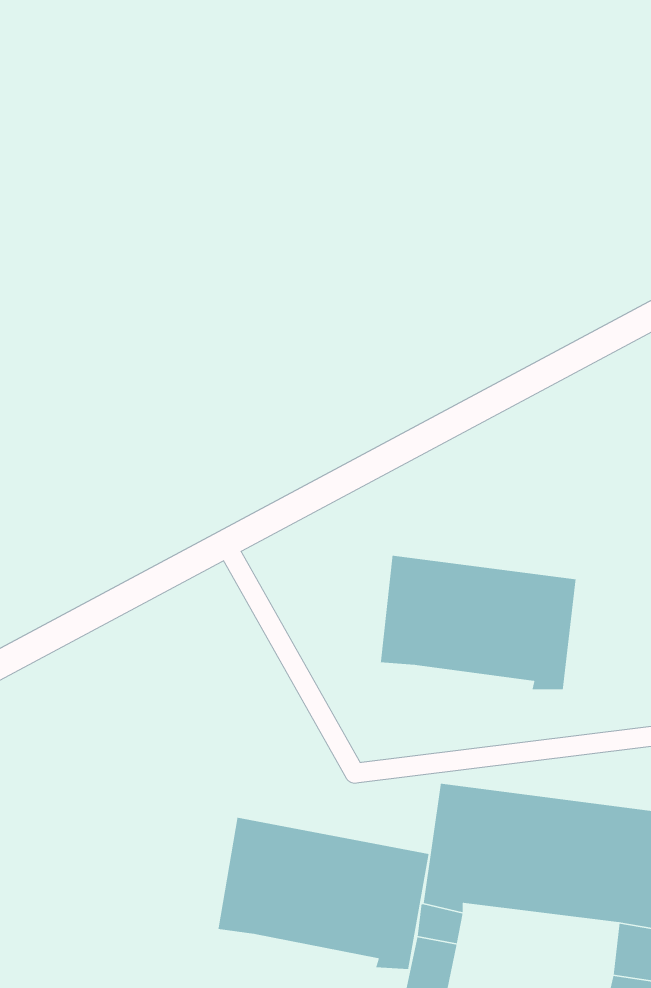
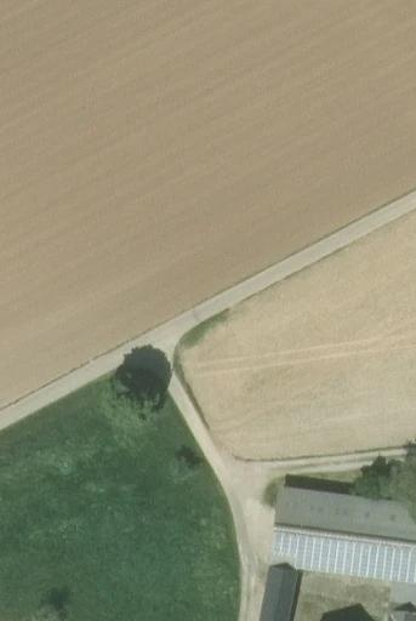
building: [380,555,577,690] -> none
building: [217,817,430,970] -> none

